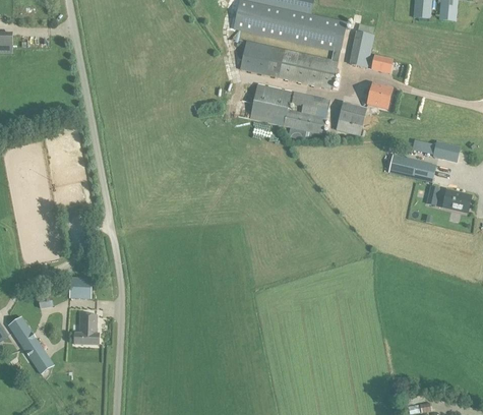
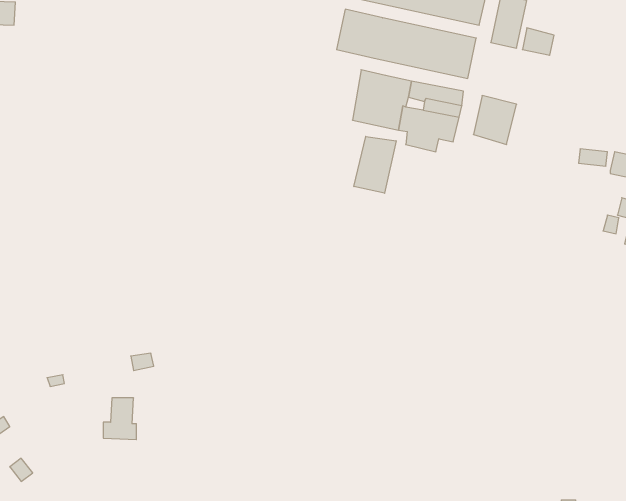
building: [366,82,391,108] -> none
building: none -> [354,136,396,193]
building: [388,154,435,181] -> none
building: [69,277,90,298] -> none
building: [7,315,54,373] -> none

